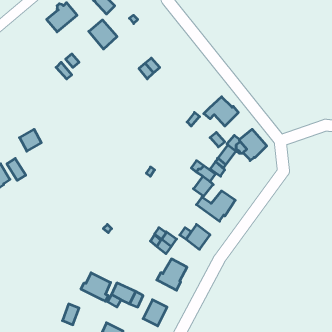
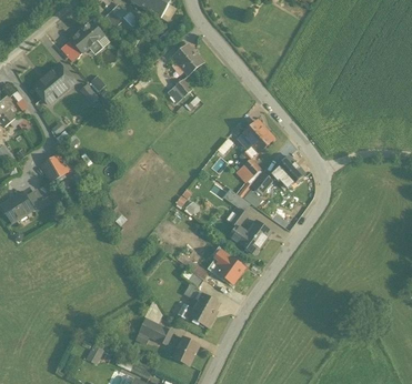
building: [89,20,117,49] -> [173,44,203,75]
building: none -> [36,63,74,104]
building: [81,273,111,301] -> none

